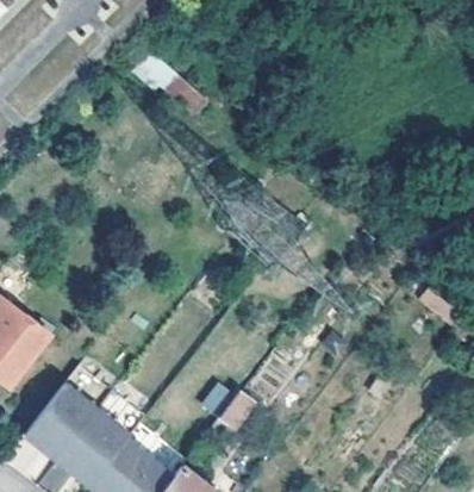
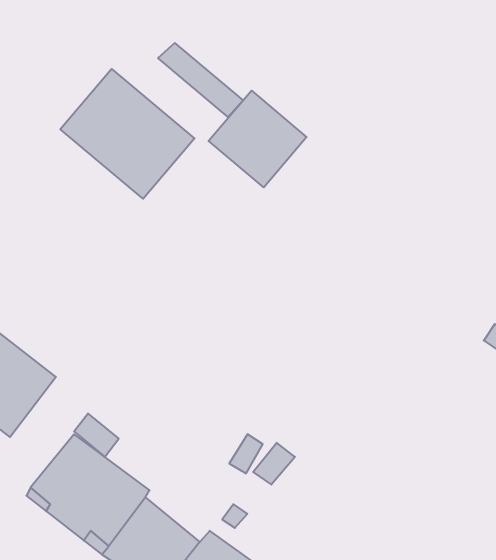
building: none -> [60,69,195,199]
building: none -> [209,91,307,187]

